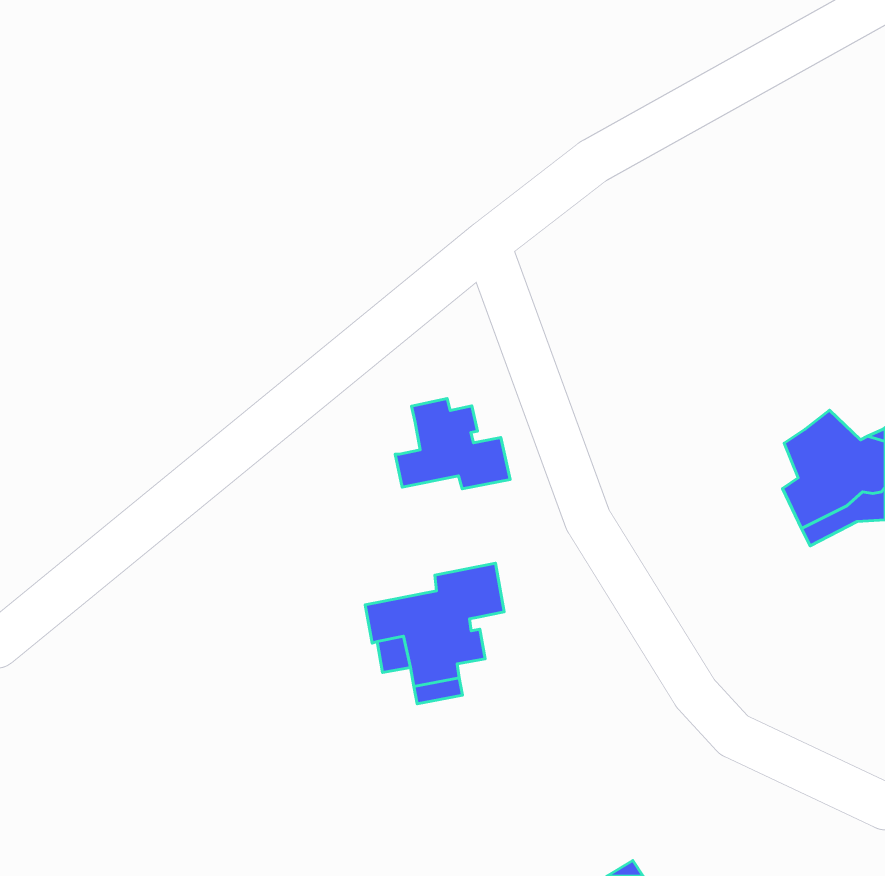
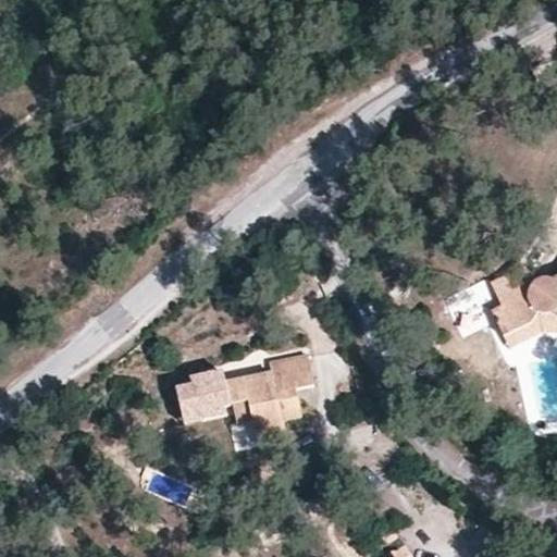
building: [395,399,510,489] -> none
building: none -> [180,369,233,422]

